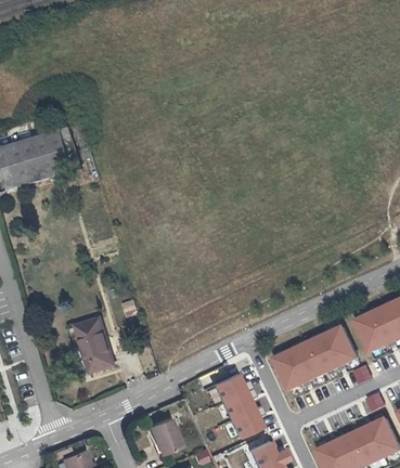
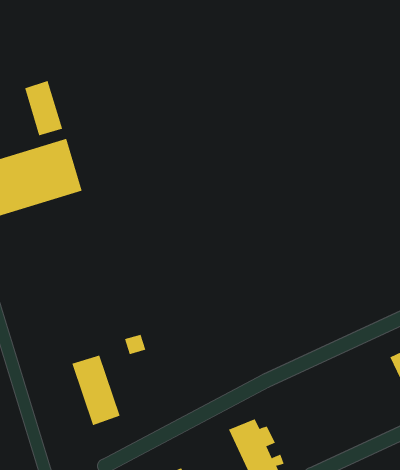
building: none -> [24,80,63,136]
building: [273,325,357,388] -> none

